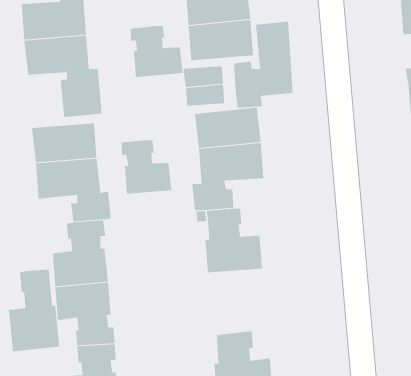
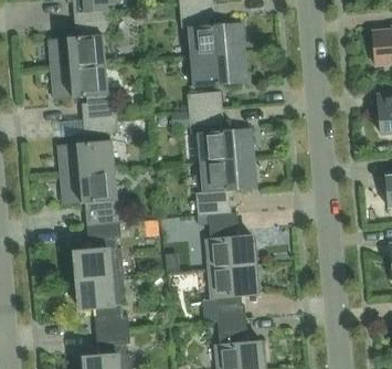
building: [233,21,293,108] -> none
building: [130,25,183,78] -> none
building: [121,139,172,194] -> none
building: [8,269,60,352] -> none
building: none -> [208,264,257,320]

